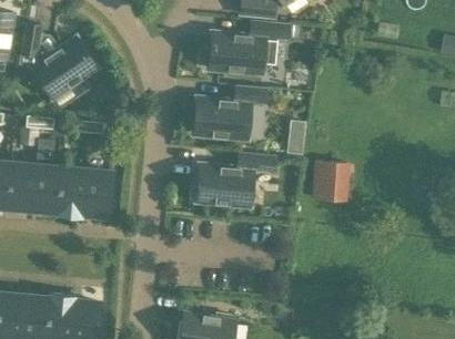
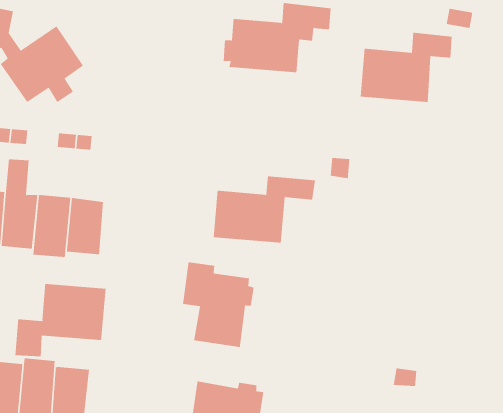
building: [194,84,266,138] -> [360,32,453,103]
building: [312,161,350,202] -> none
building: none -> [182,261,254,348]
building: none -> [15,283,106,357]

